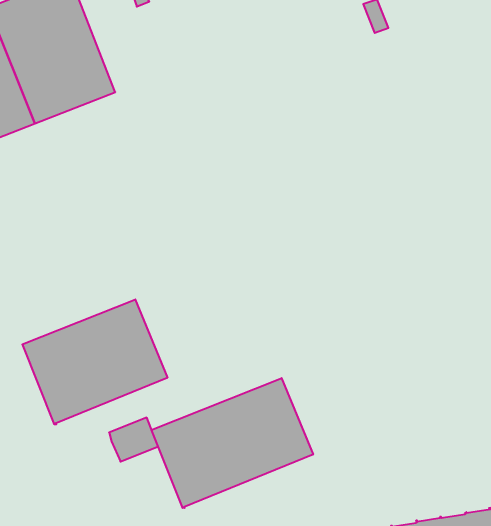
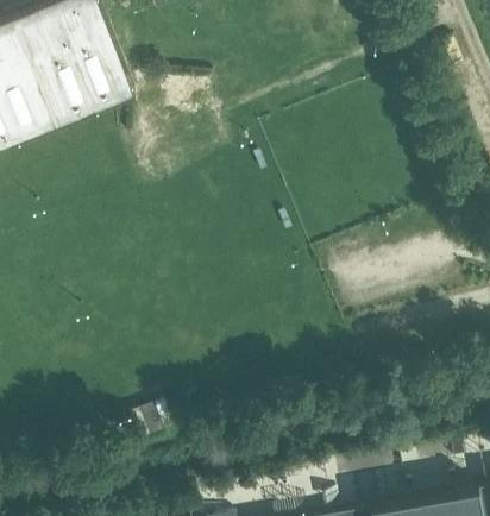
building: [22,299,167,424] -> none
building: [151,378,313,508] -> none

